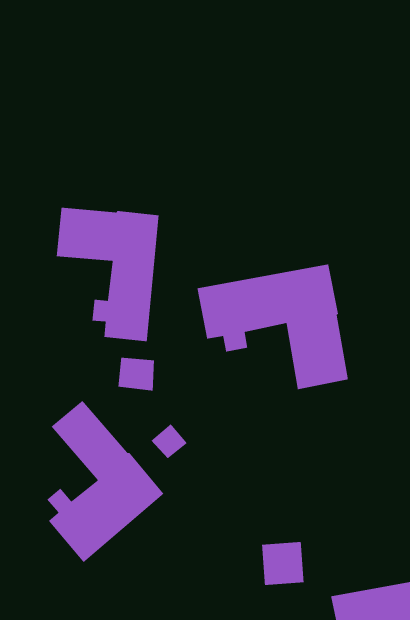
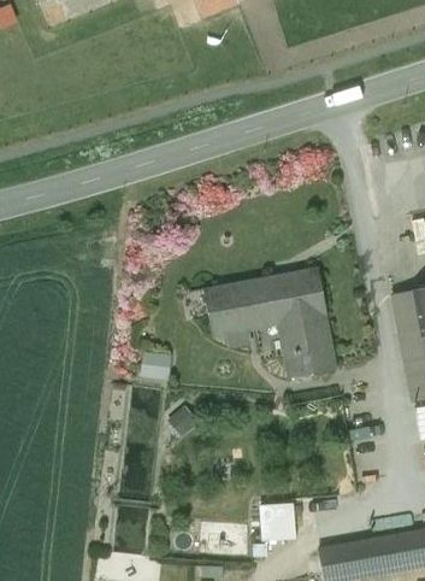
building: [56,207,160,342] -> none
building: [46,400,164,563] -> none

